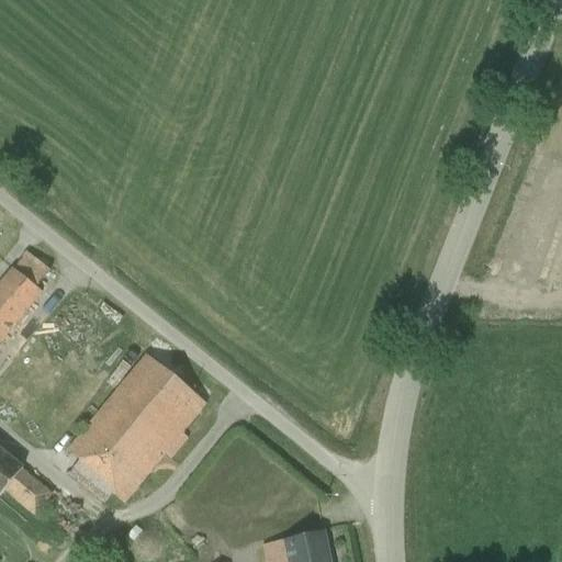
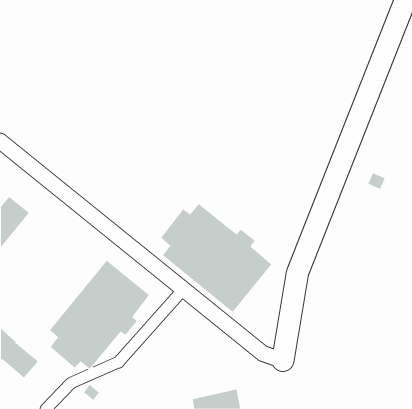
building: none -> [161,203,272,313]

